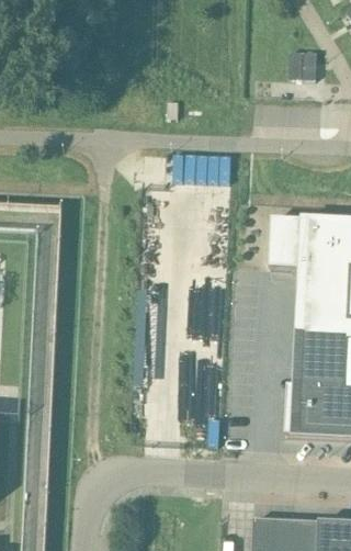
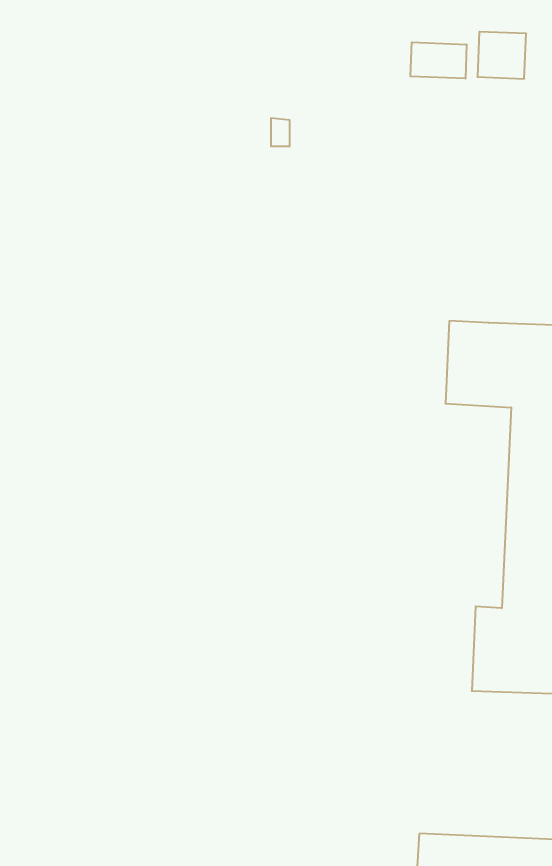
building: none -> [410,42,467,79]

